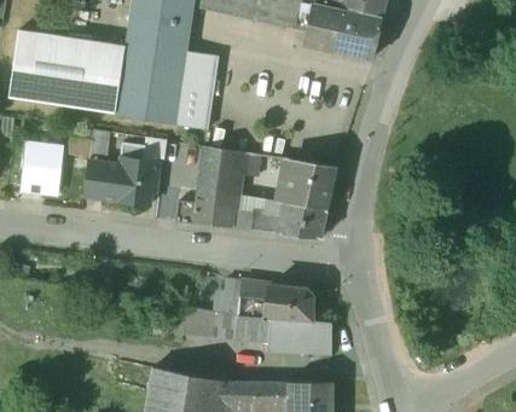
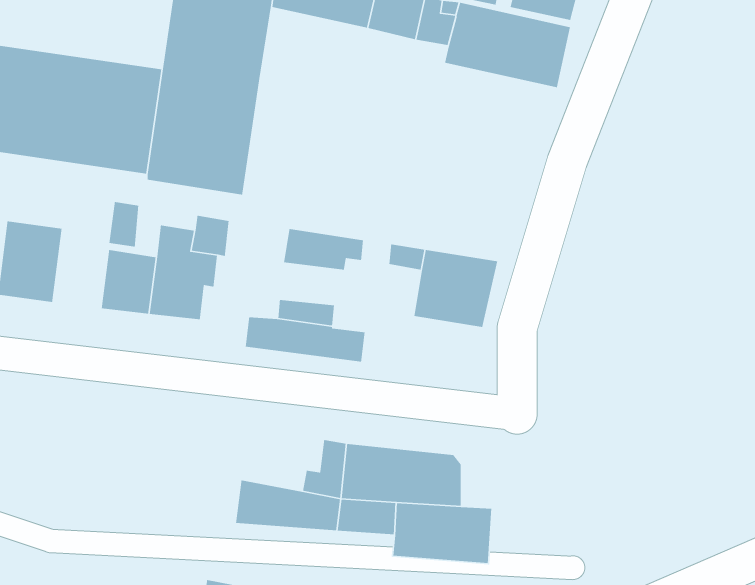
building: [176,52,220,130] -> none
building: [199,168,240,196] -> none
building: [251,201,327,239] -> none

